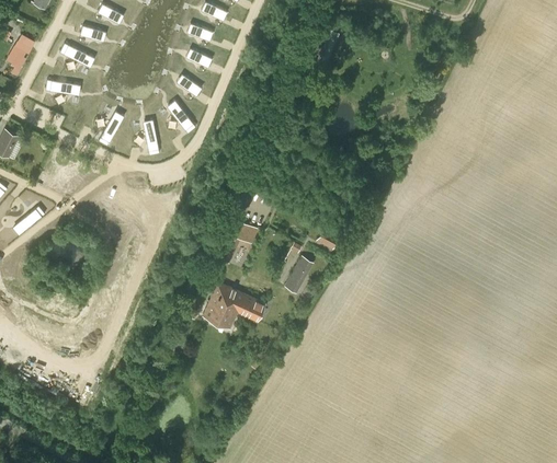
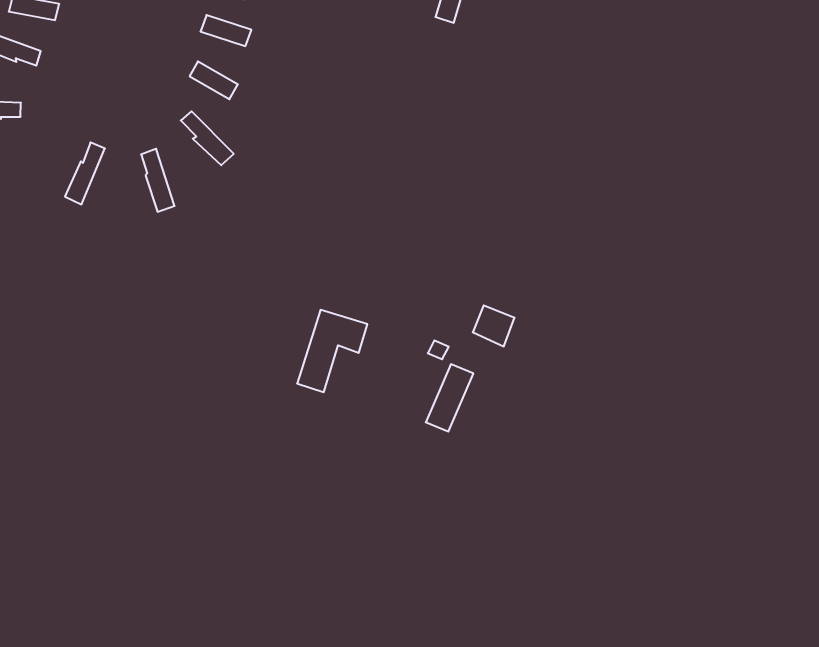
building: [203,281,264,327] -> none

